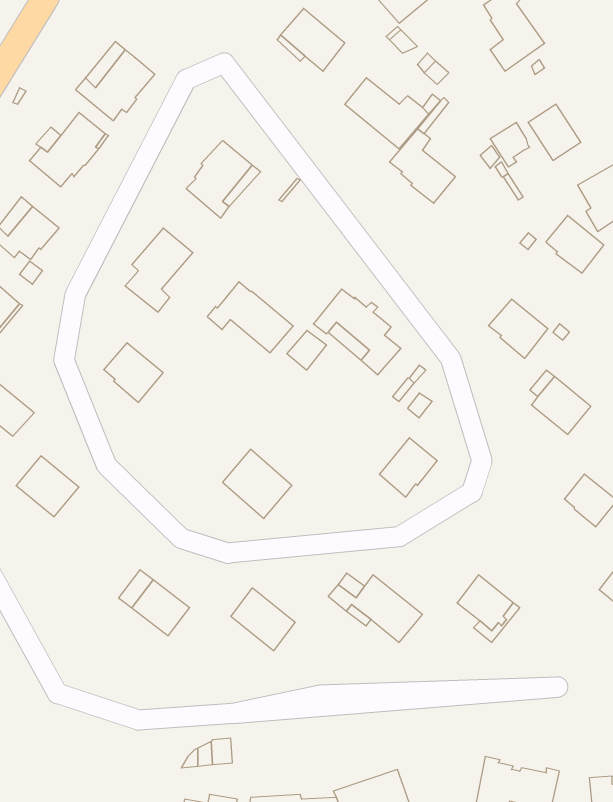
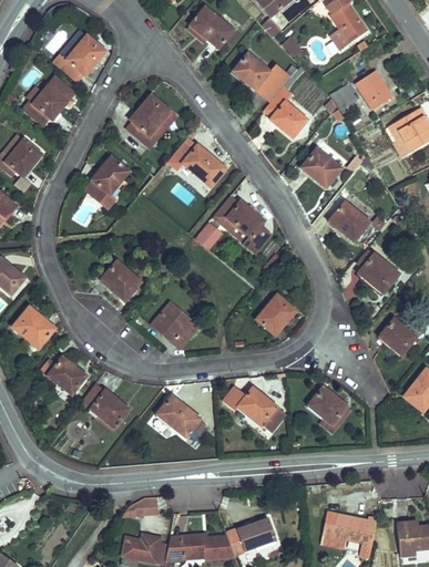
building: [546,215,604,273] -> [302,148,340,187]
building: [207,282,293,353] -> [167,138,225,186]
building: [104,343,163,402] -> [101,261,141,301]
building: none -> [39,357,85,394]

